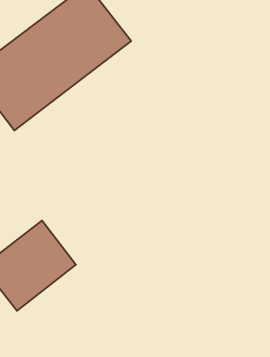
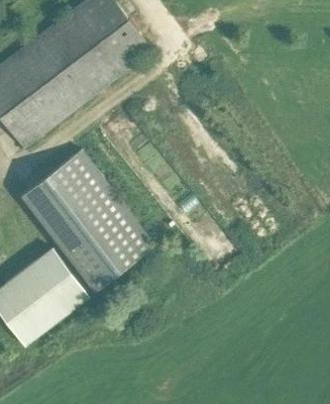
building: none -> [21,147,154,291]

